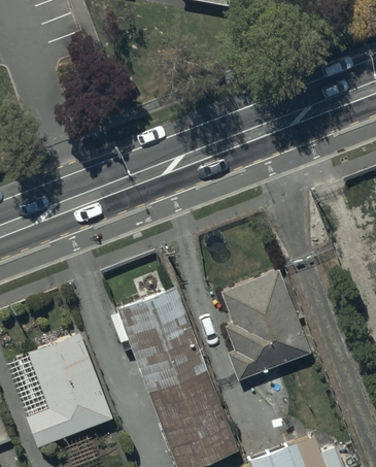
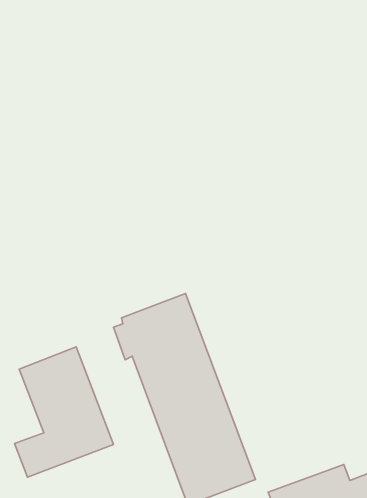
building: [221,269,312,381] -> none

